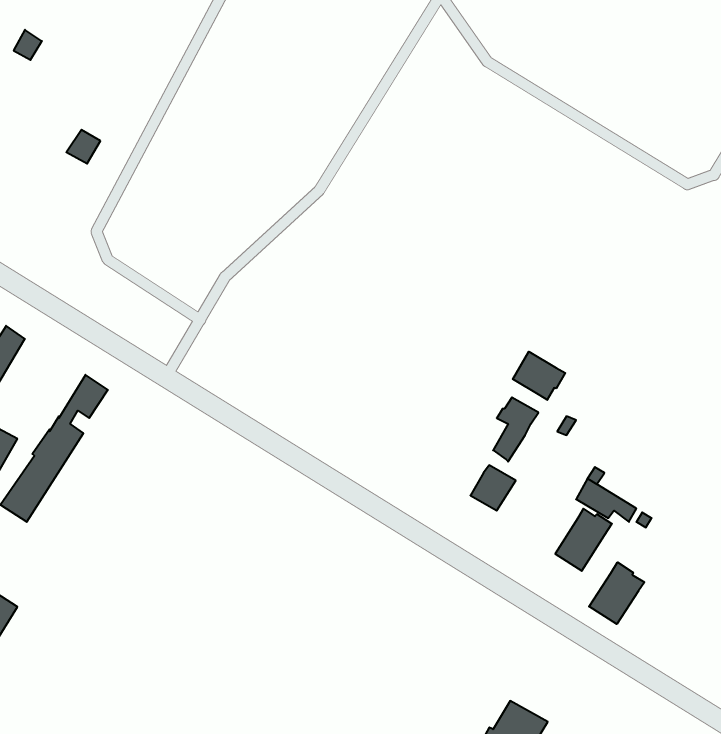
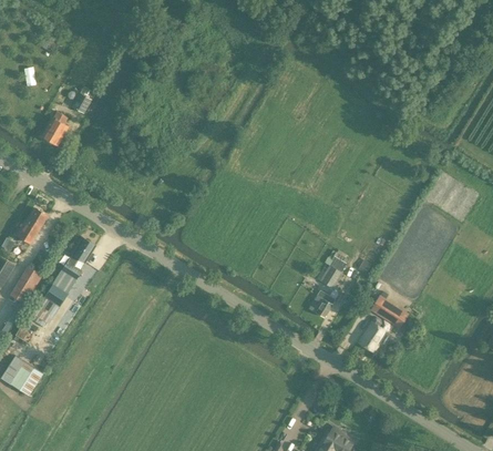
building: none -> [41,112,68,145]
building: [513,352,565,400] -> none
building: [589,562,644,624] -> none

